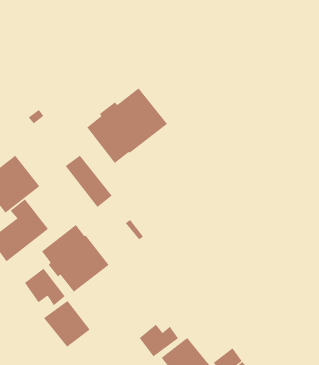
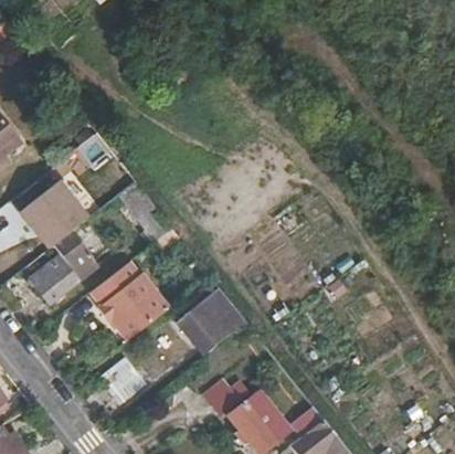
building: [87,87,168,164] -> none
building: none -> [176,288,245,356]
building: [24,268,65,306] -> none

